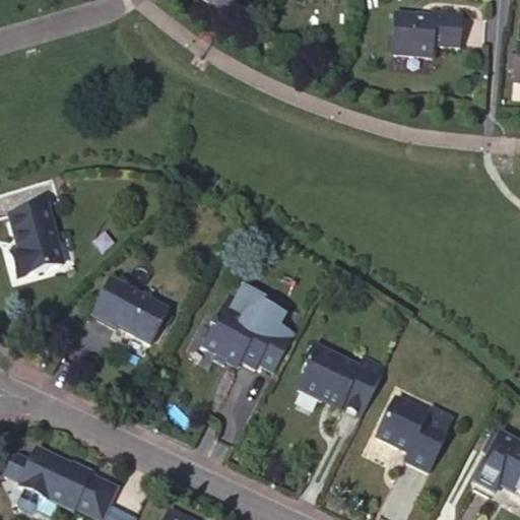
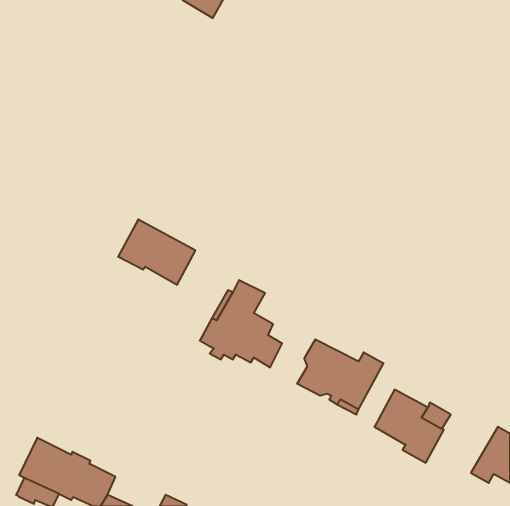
building: [392,11,463,57] -> none
building: [6,205,58,275] -> none
building: [91,276,170,342] -> [118,219,195,285]

